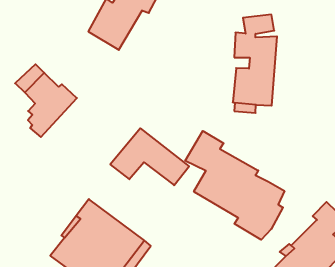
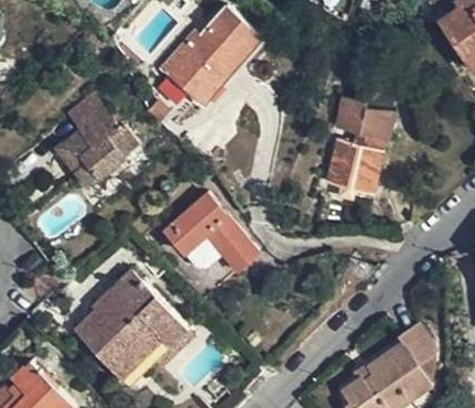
building: [185,131,284,240] -> none

